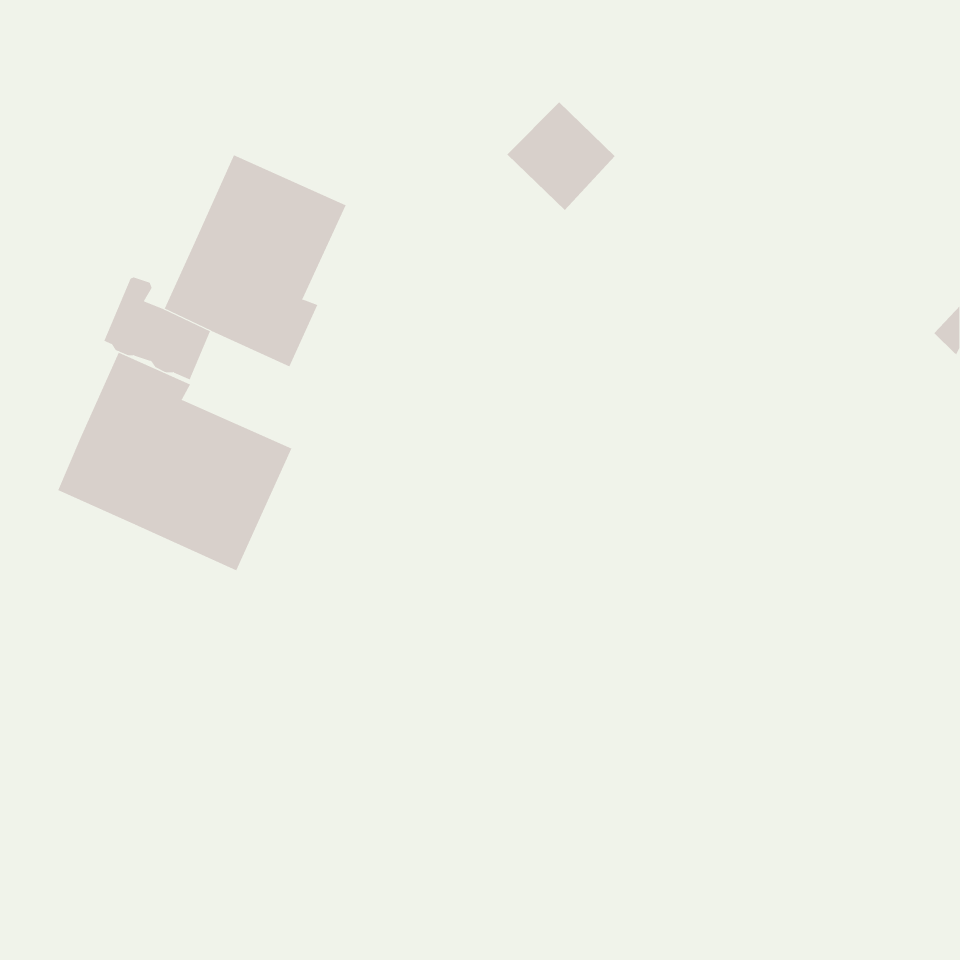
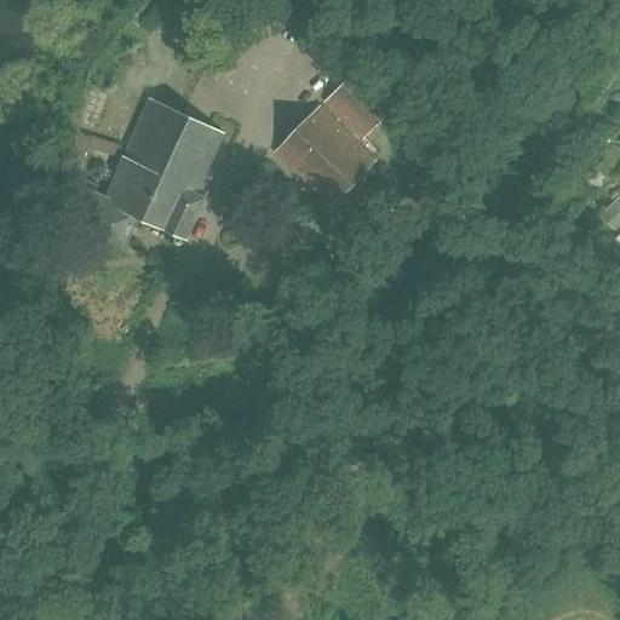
building: none -> [277,108,372,202]
building: [58,352,292,571] -> none

